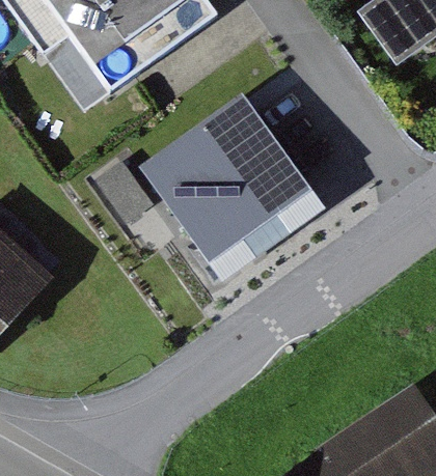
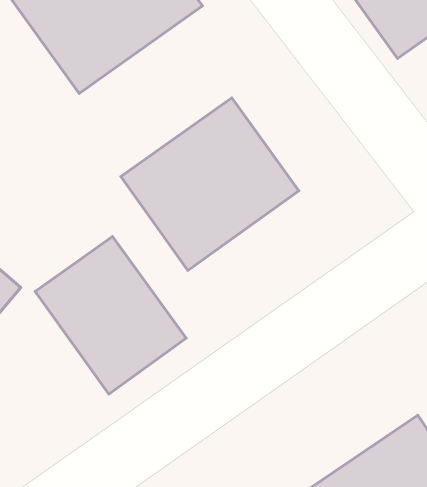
building: none -> [35,237,186,394]

